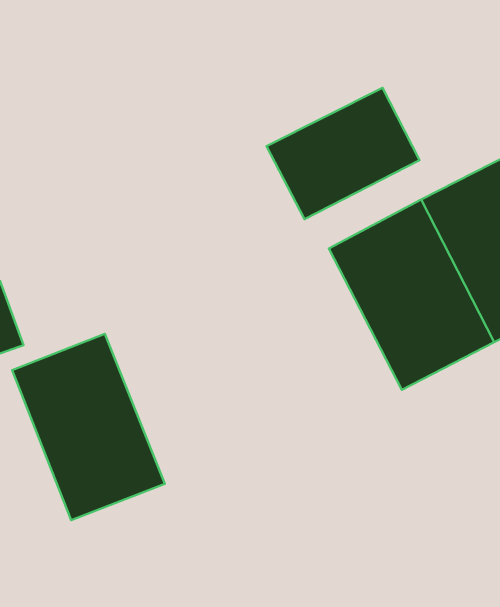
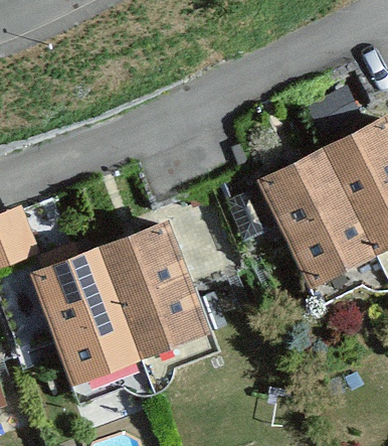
building: [267,88,420,219] -> none
building: none -> [98,221,207,355]

